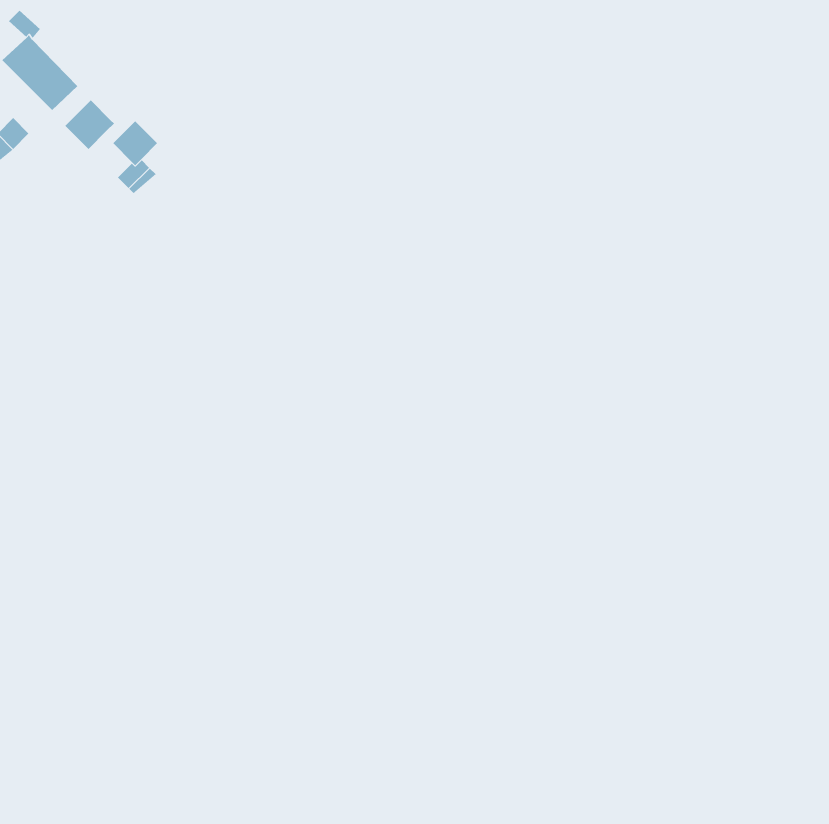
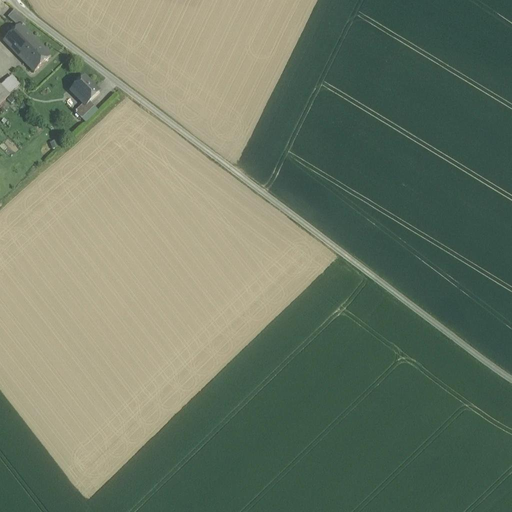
building: [65,100,115,150] -> none

